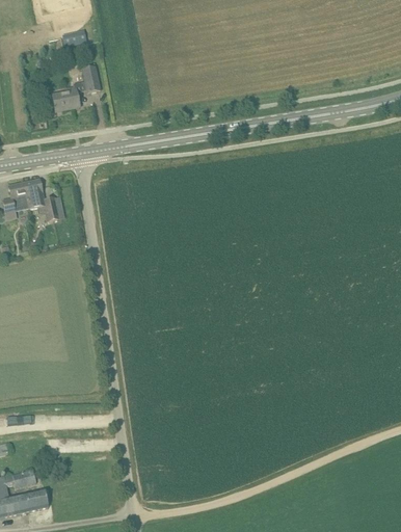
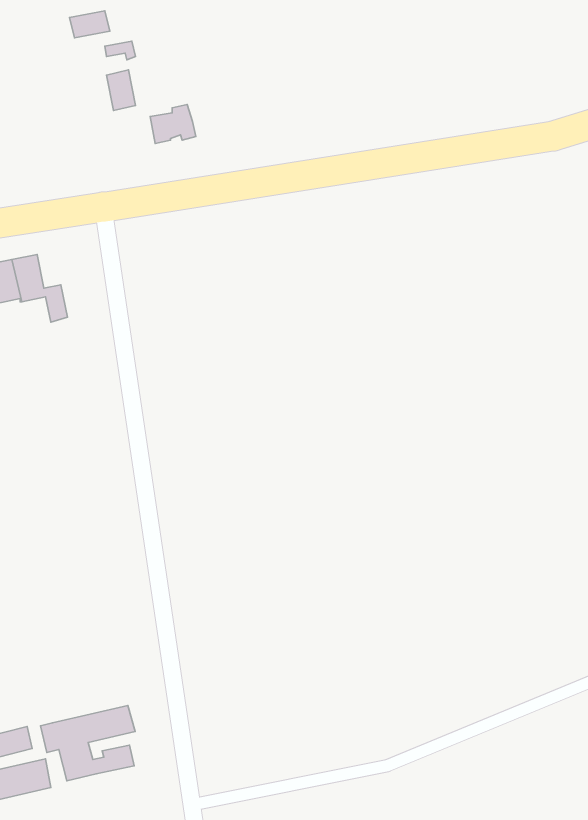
building: [52,87,80,111] -> [150,104,196,143]
building: none -> [41,705,135,781]

